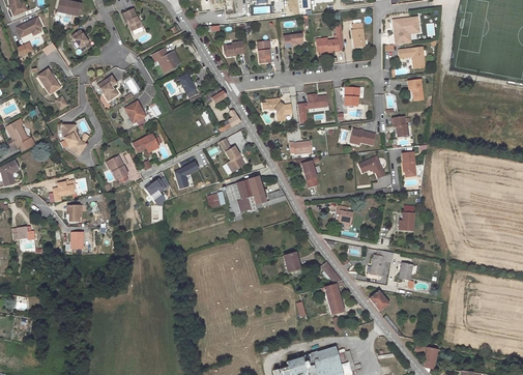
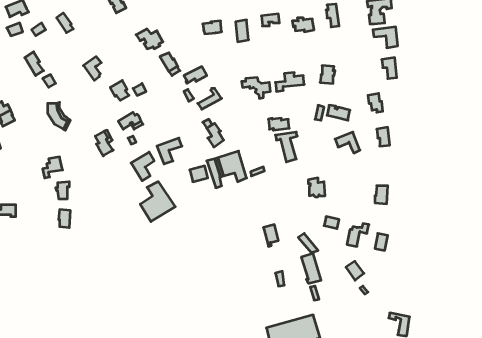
building: none -> [140,182,175,222]

